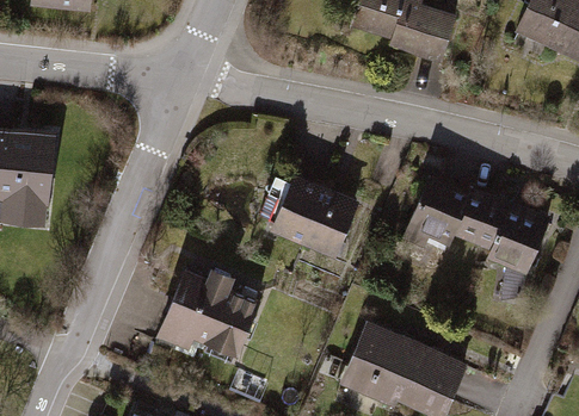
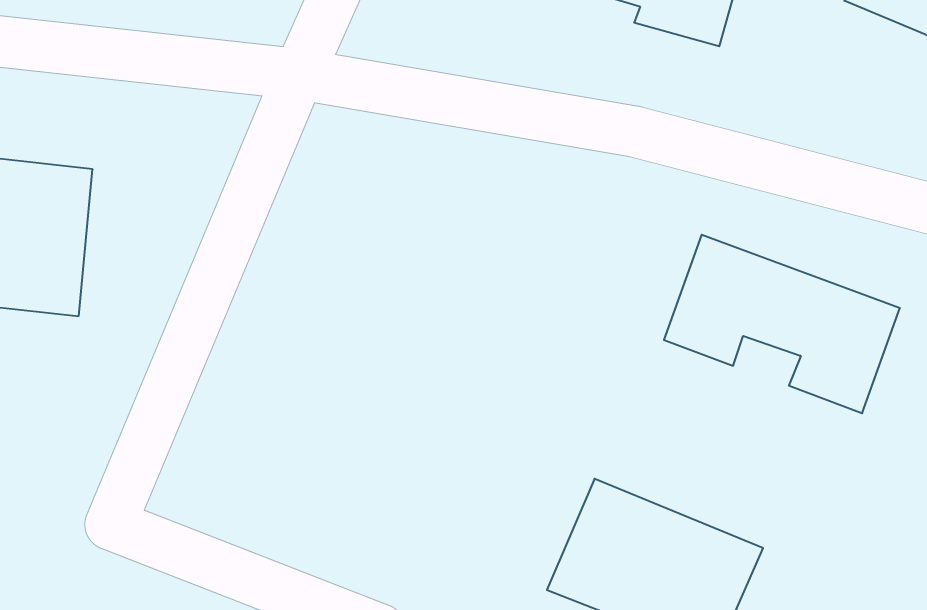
building: [258,172,358,257] -> none
building: [155,267,254,364] -> none

